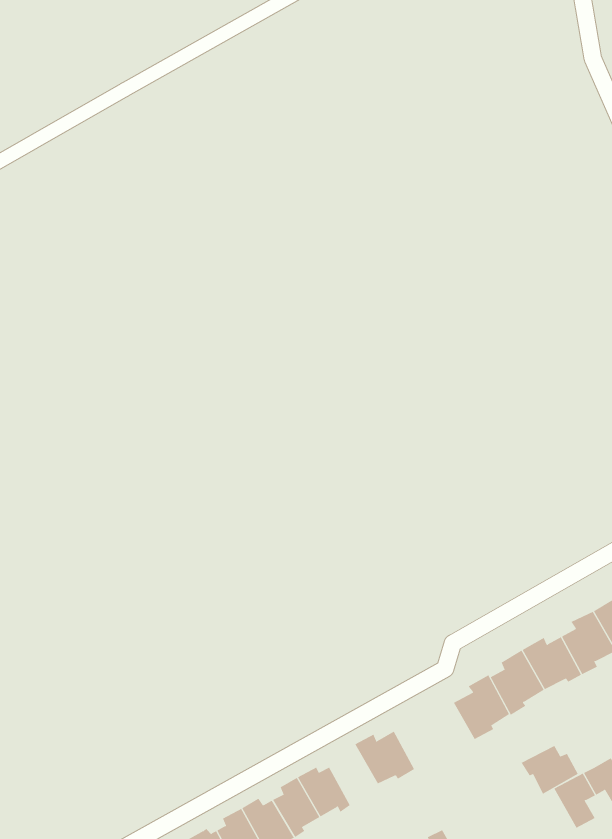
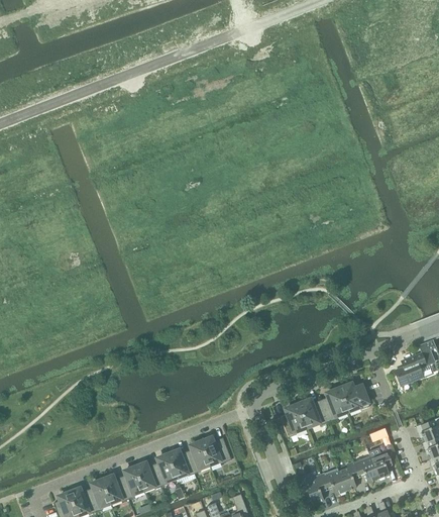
building: [453,674,510,740] -> none
building: none -> [187,439,211,472]
building: [521,745,579,794] -> none

